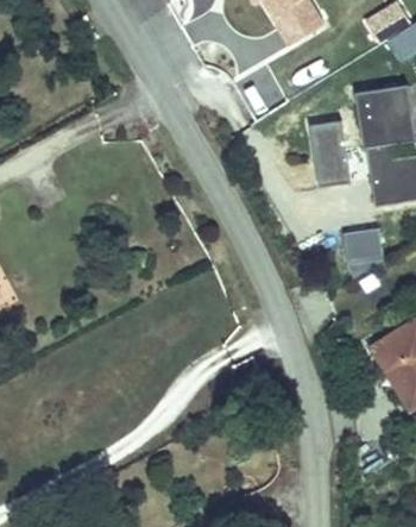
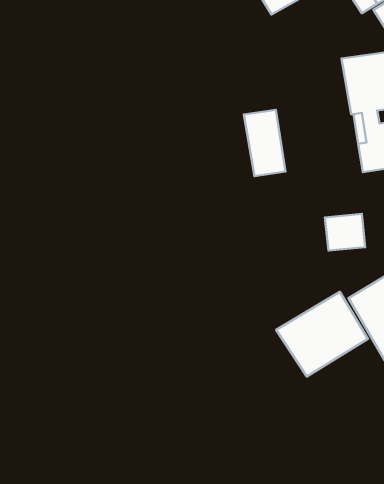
building: [309,117,351,183] -> [244,110,285,176]
building: none -> [276,292,368,377]

